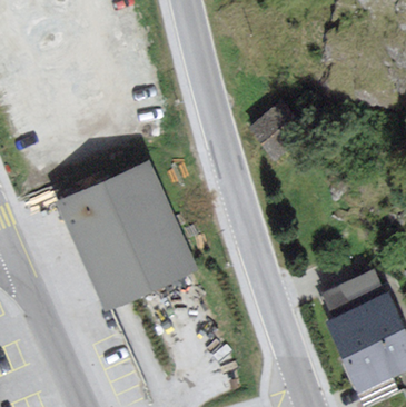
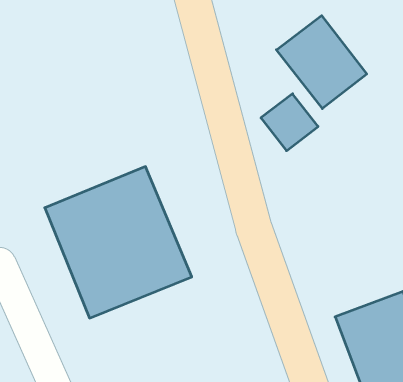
building: none -> [276,16,367,109]

